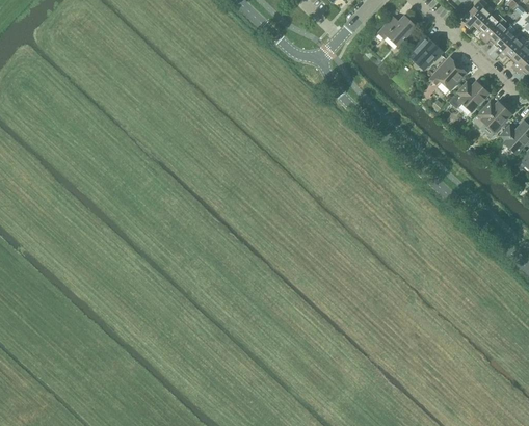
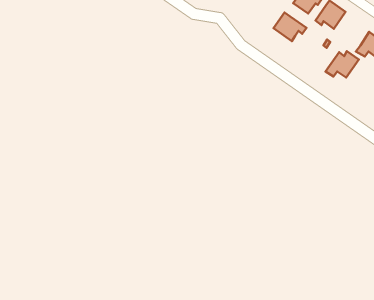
building: none -> [273,13,306,41]
building: [450,81,491,111] -> [326,51,359,77]

